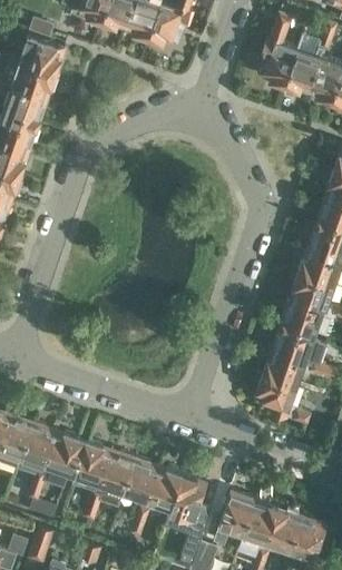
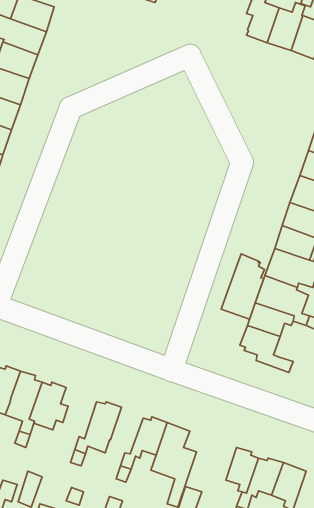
building: none -> [221,254,265,319]
building: [72,441,109,490] -> none
building: [124,458,157,505] -> none
building: [213,491,253,543] -> none

